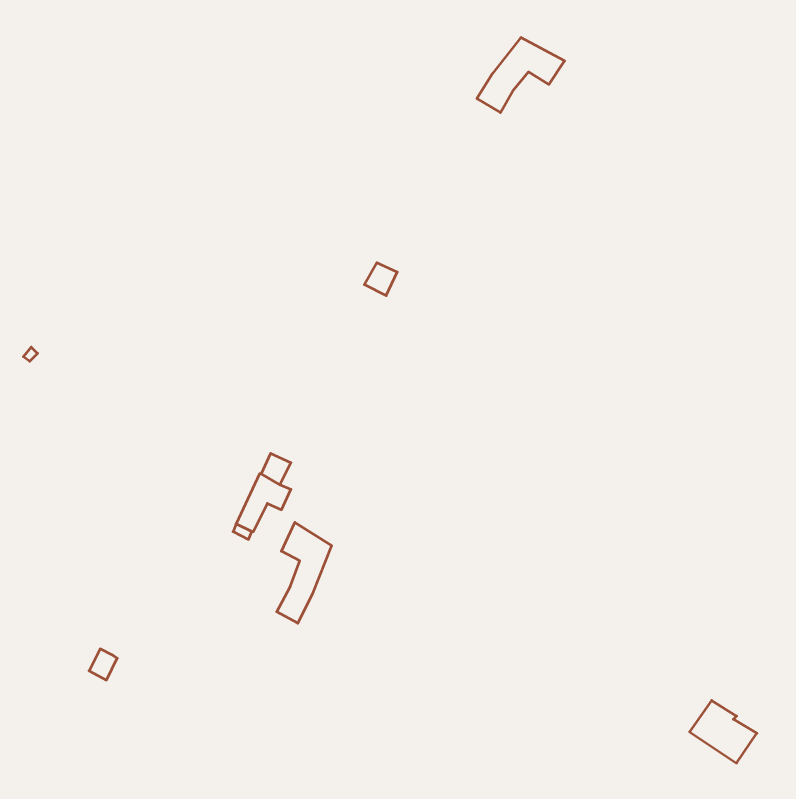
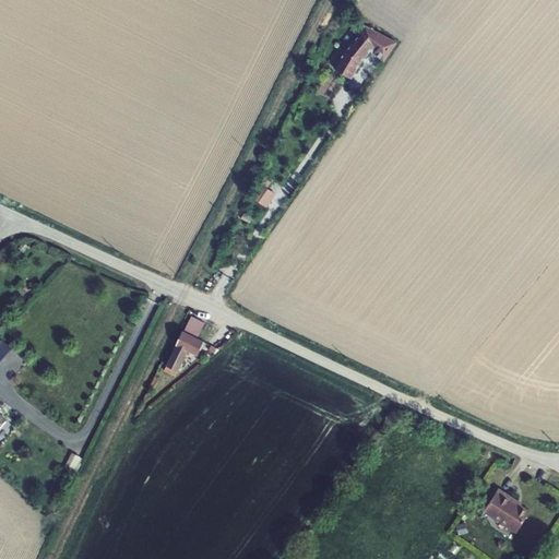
building: [277,522,332,623] -> none

